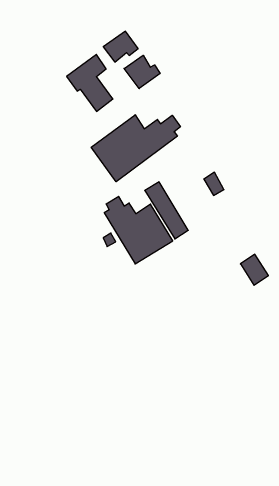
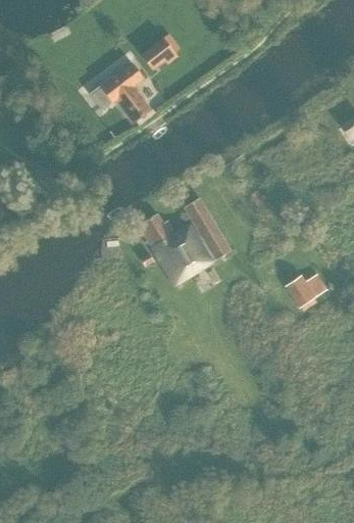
building: [124,55,160,89] -> none
building: [91,115,180,182] -> none

